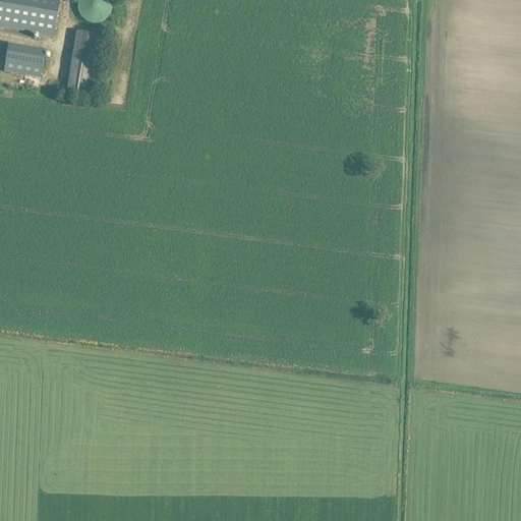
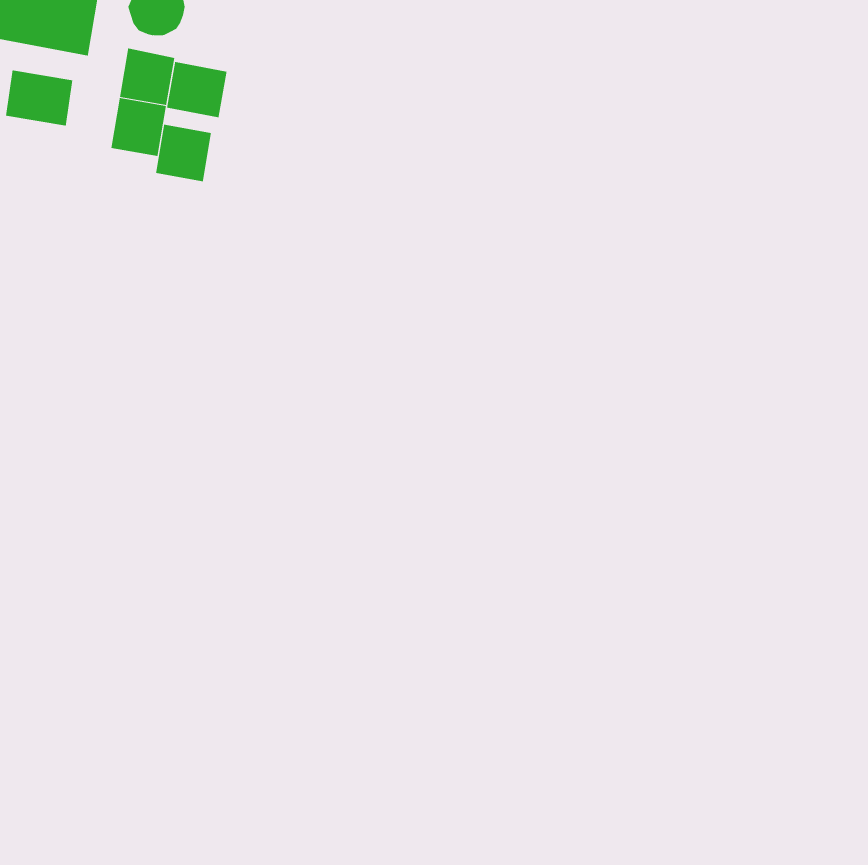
building: none -> [166,61,227,118]
building: none -> [155,124,211,182]

